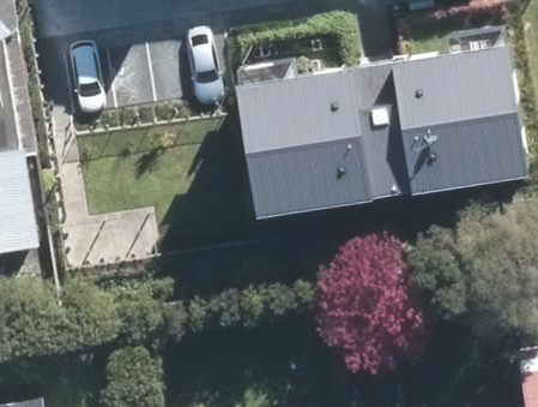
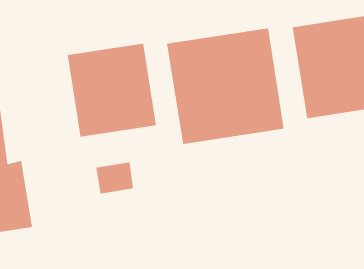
building: none -> [67,43,157,137]

